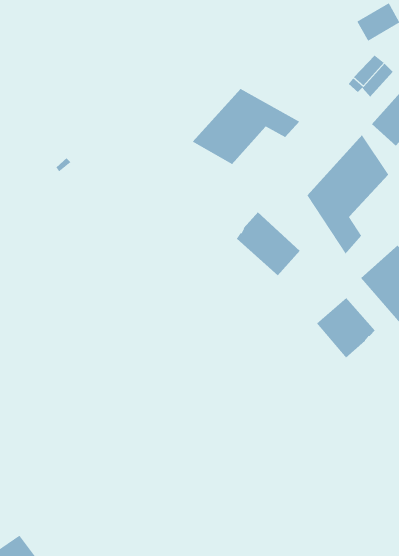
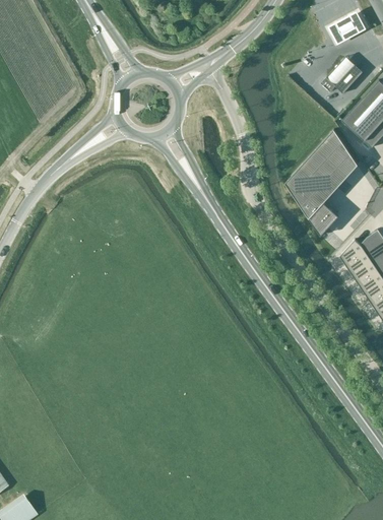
building: [192,88,300,165] -> none
building: [236,212,301,276] -> none
building: [316,297,376,358] -> none

